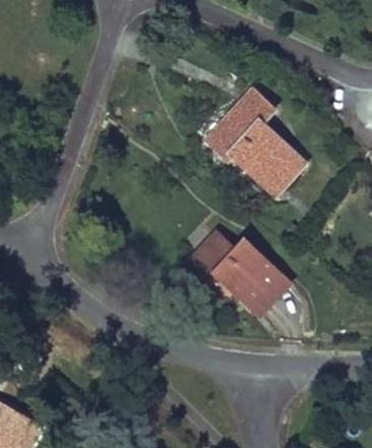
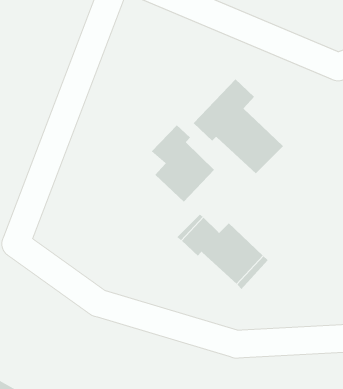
building: none -> [151,125,215,202]

